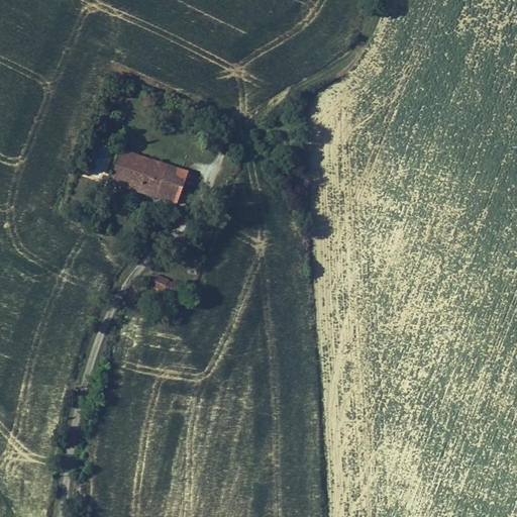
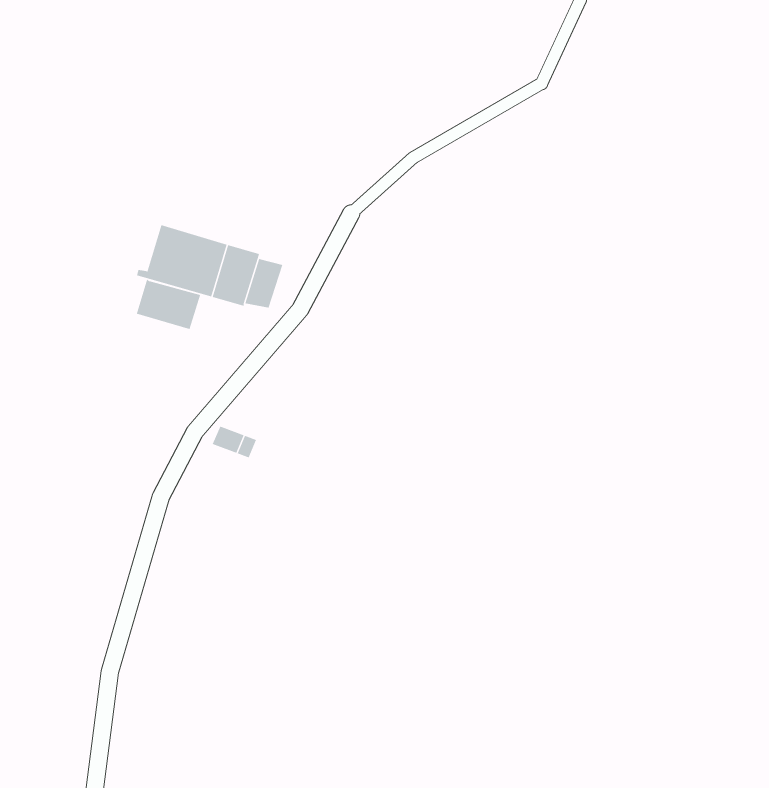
building: none -> [136,279,201,330]

